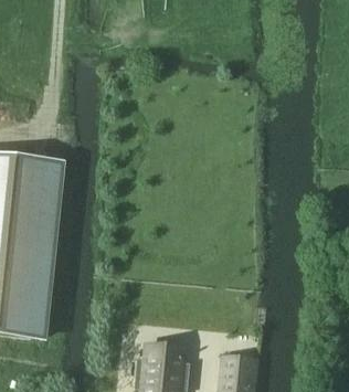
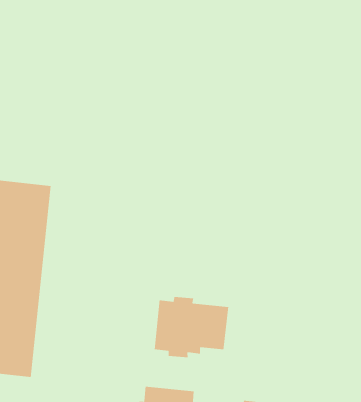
building: none -> [154,296,229,358]

